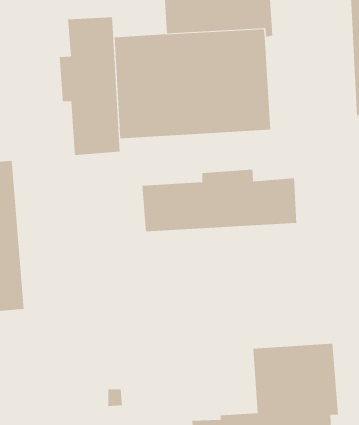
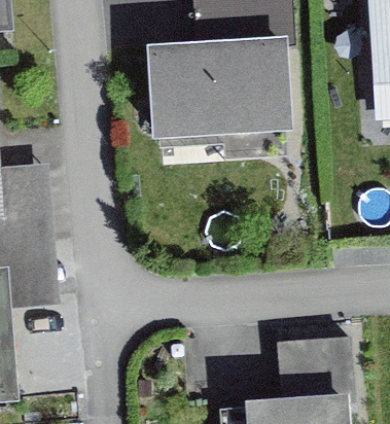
building: [59,17,120,156] -> none
building: [142,169,297,232] -> none

